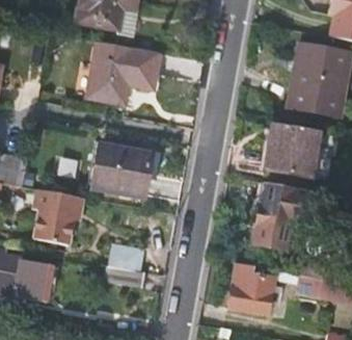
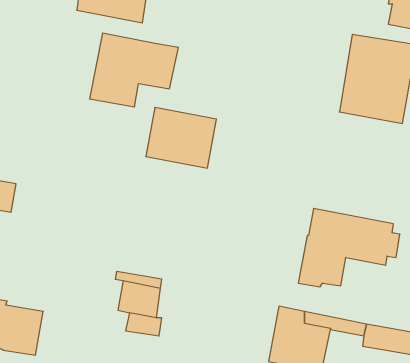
building: [265,122,319,177] -> none
building: [90,146,147,194] -> [146,108,216,168]
building: [35,189,82,247] -> none

